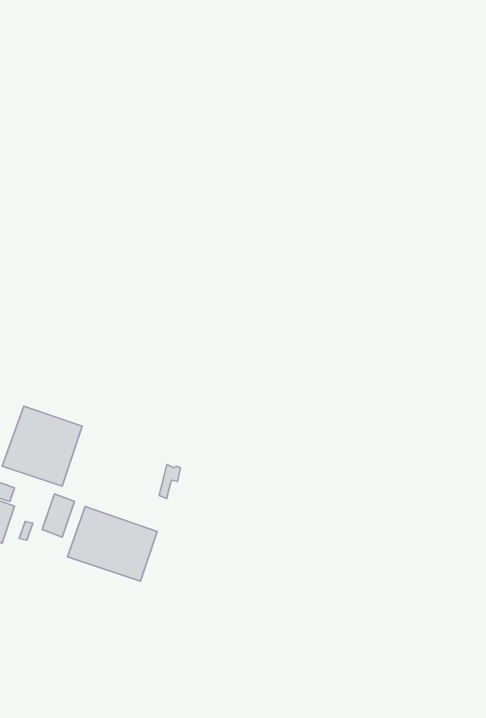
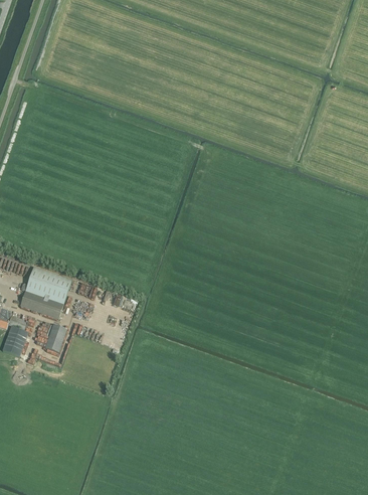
building: [68,506,157,581] -> none

